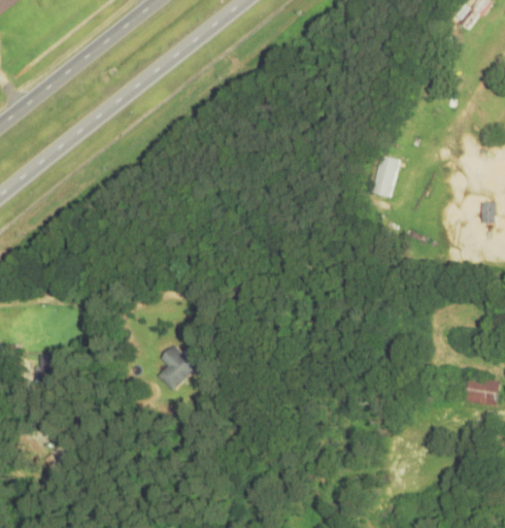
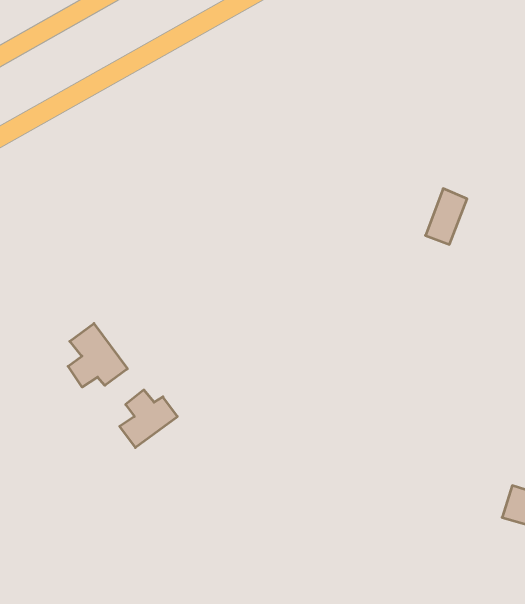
building: none -> [68,323,127,387]

